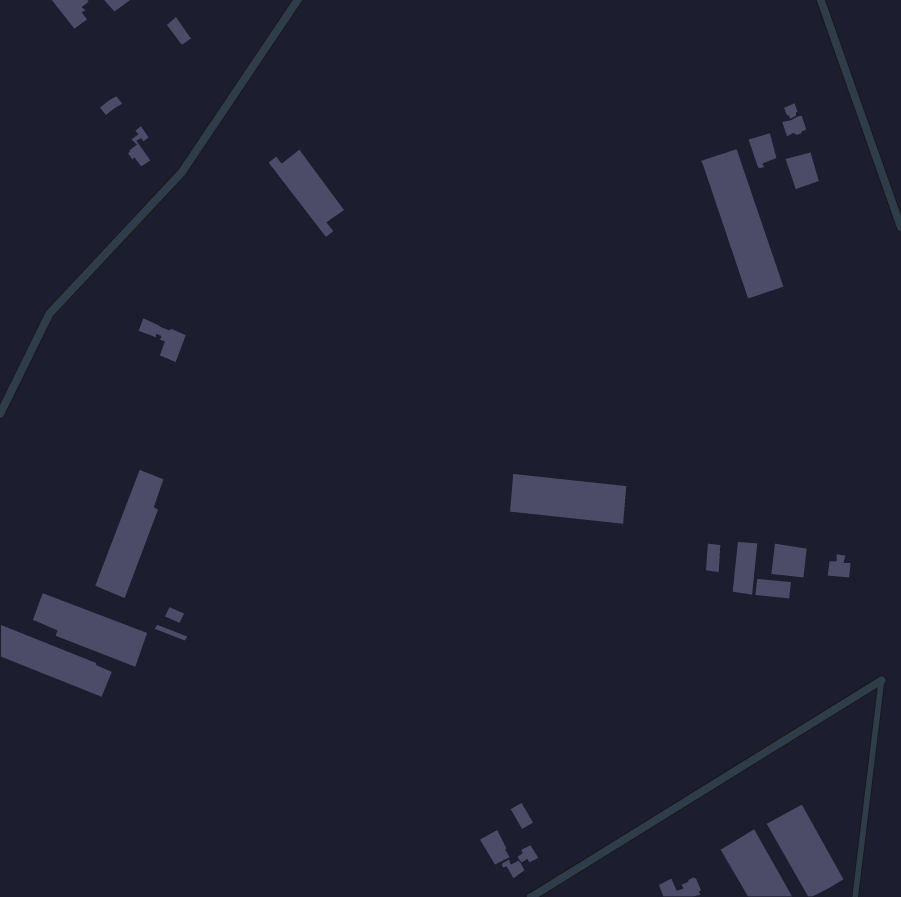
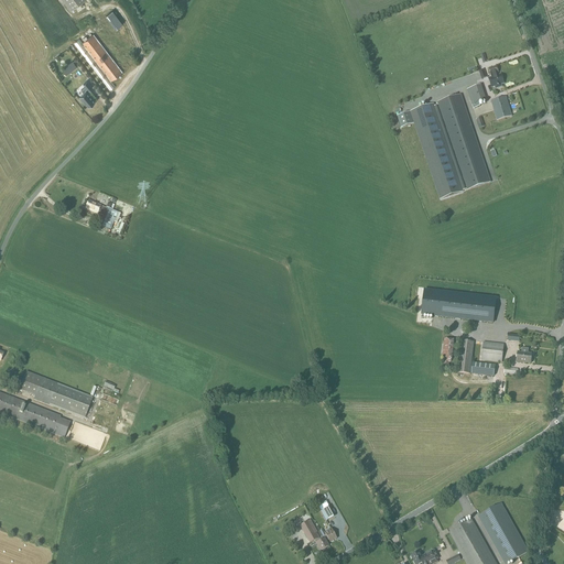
building: [268,148,345,238] -> [74,32,122,88]
building: none -> [398,101,467,197]
building: [94,469,164,599] -> none
building: [509,473,627,524] -> [422,289,496,321]

